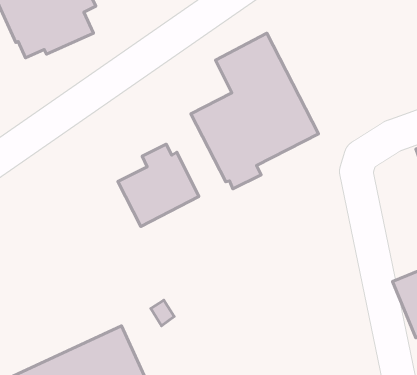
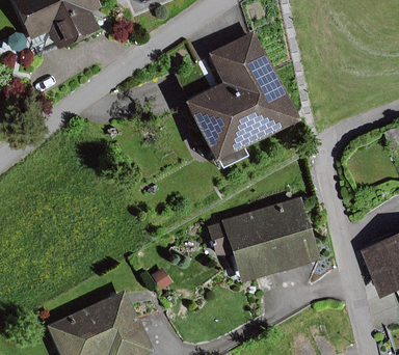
building: [118,144,199,227] -> none
building: none -> [207,196,318,282]

